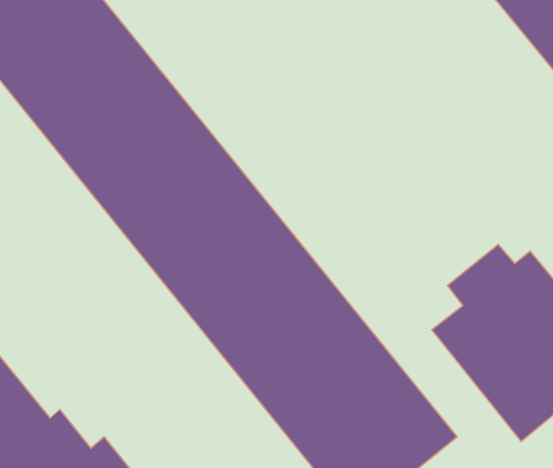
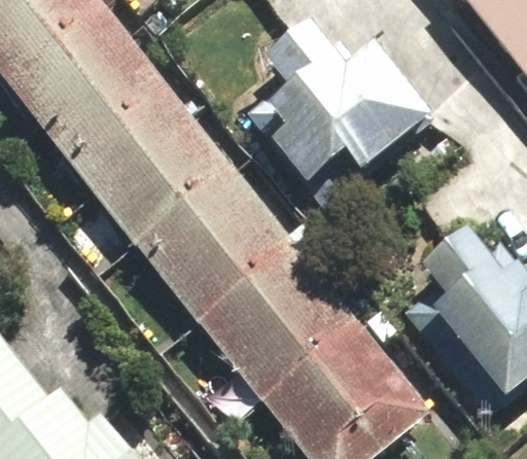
building: none -> [247,22,435,185]

